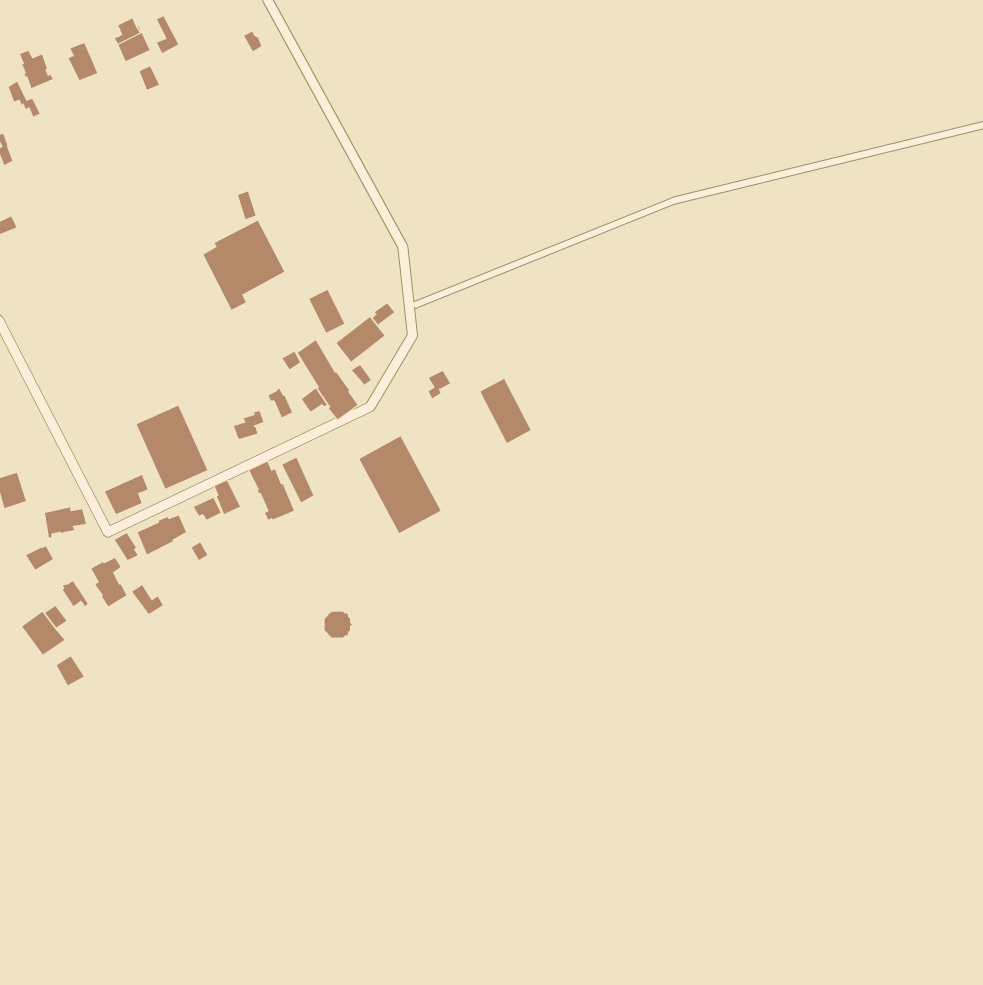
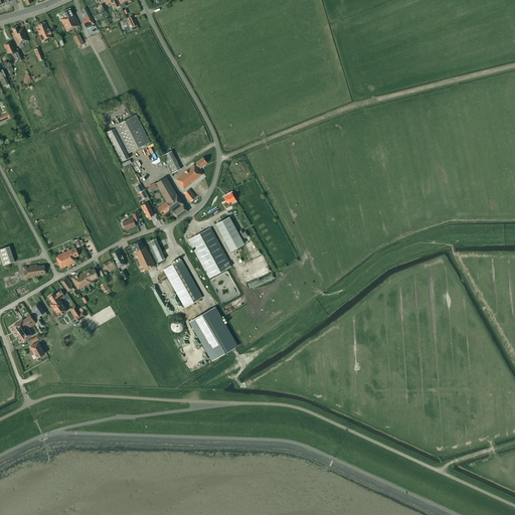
building: [479,378,531,444] -> [215,217,242,251]
building: [136,405,208,489] -> none
building: none -> [163,260,201,308]
building: none -> [189,308,236,360]

